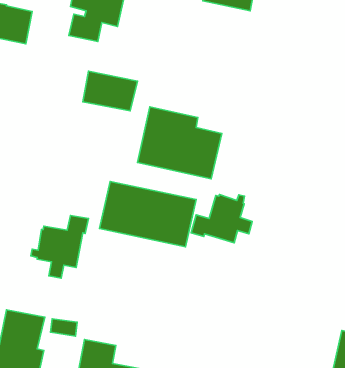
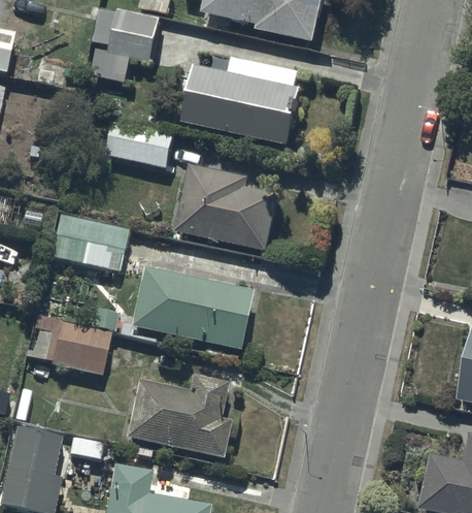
building: none -> [184,62,305,154]
building: none -> [49,222,128,284]
building: [191,195,252,243] -> none
building: none -> [124,371,230,454]

